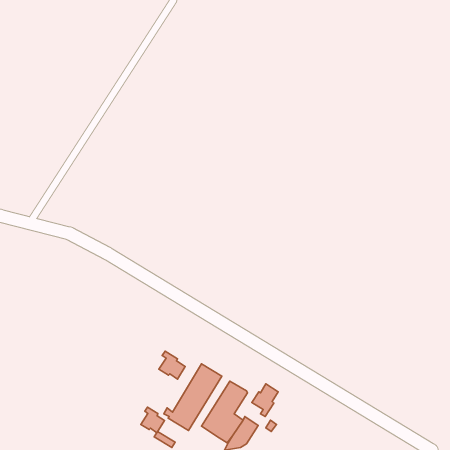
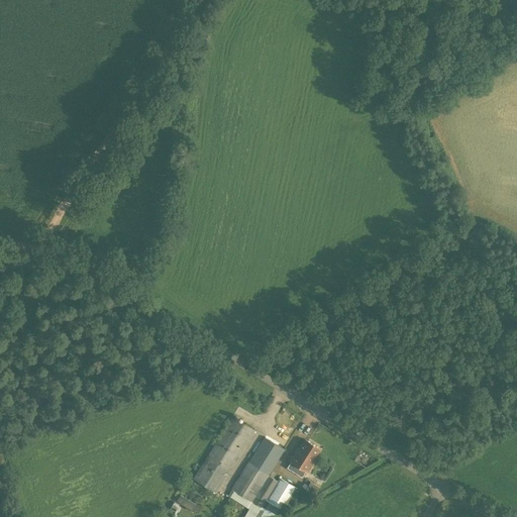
building: [159,351,185,379] -> none
building: [141,407,165,433] -> none

